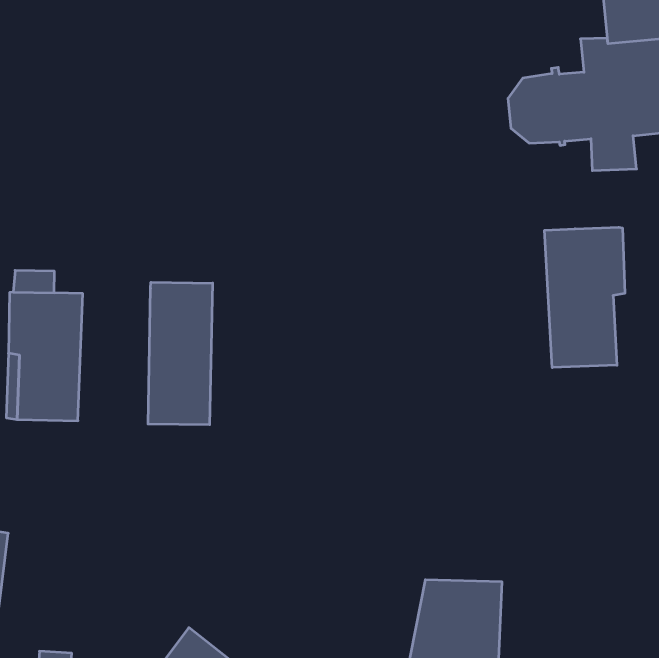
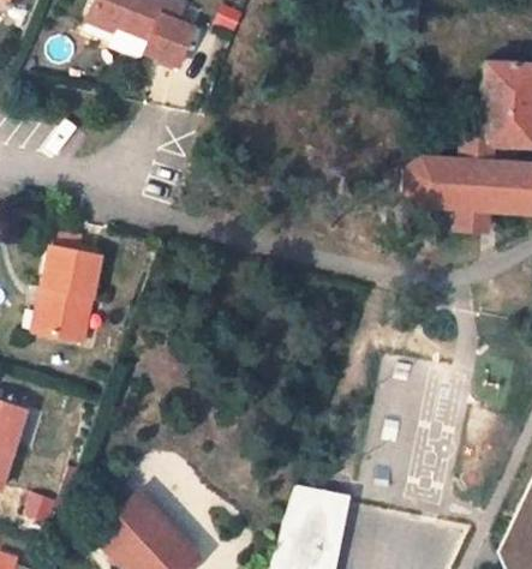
building: [545,227,625,368] -> none
building: [148,282,213,425] -> none

